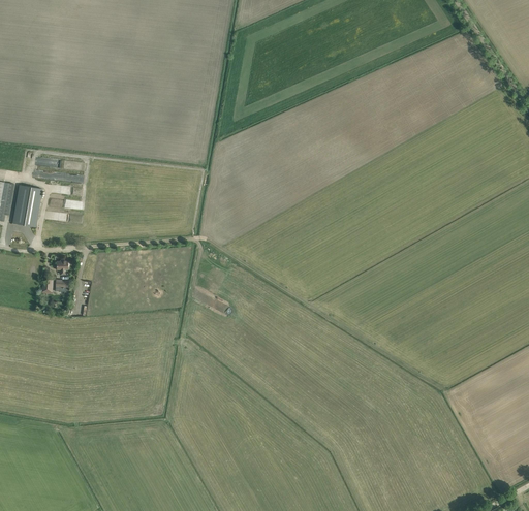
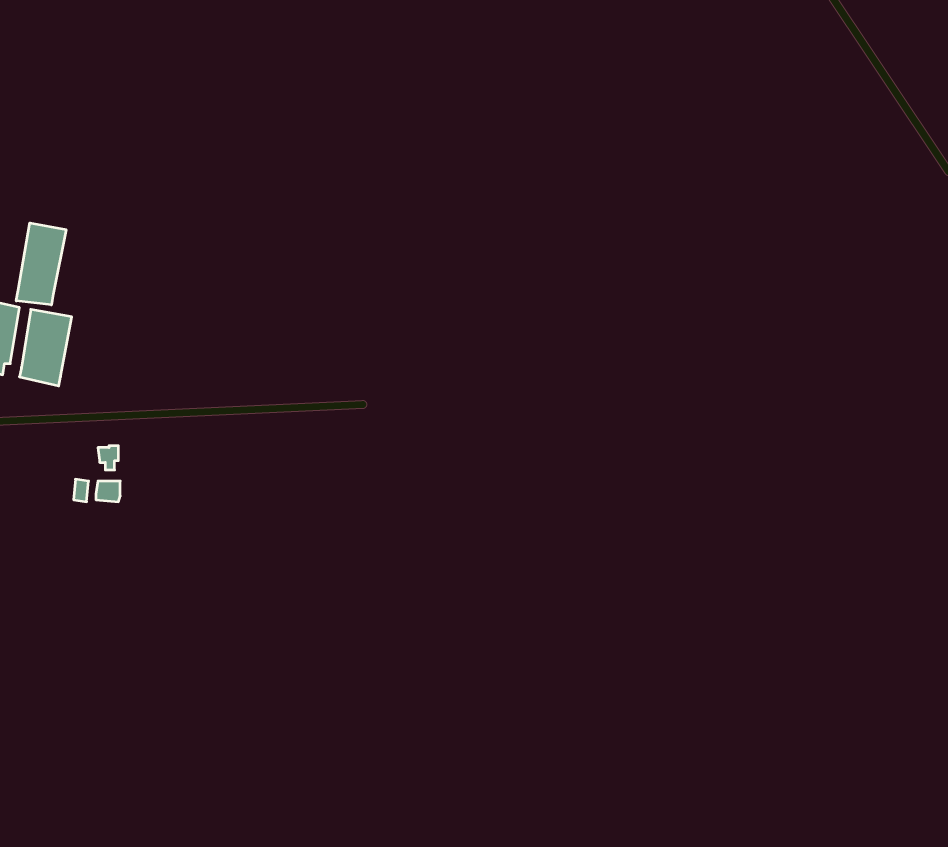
building: none -> [16,223,66,305]

